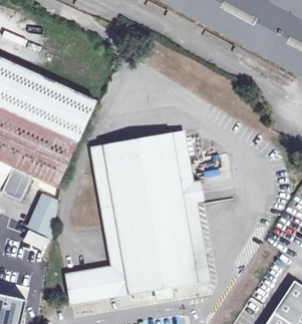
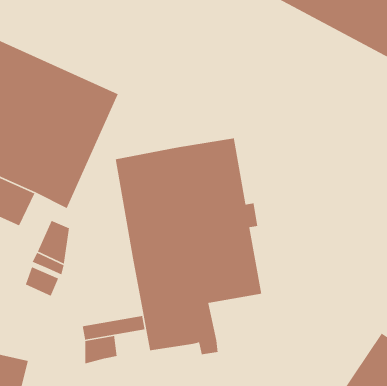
building: [164,252,208,287] -> none
building: [92,279,118,299] -> none

